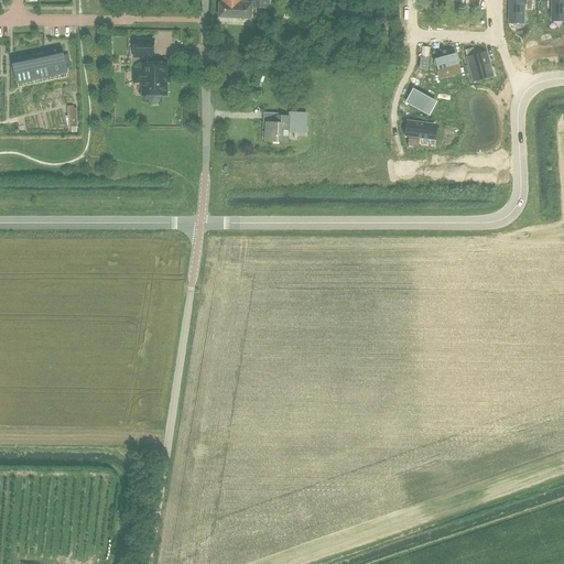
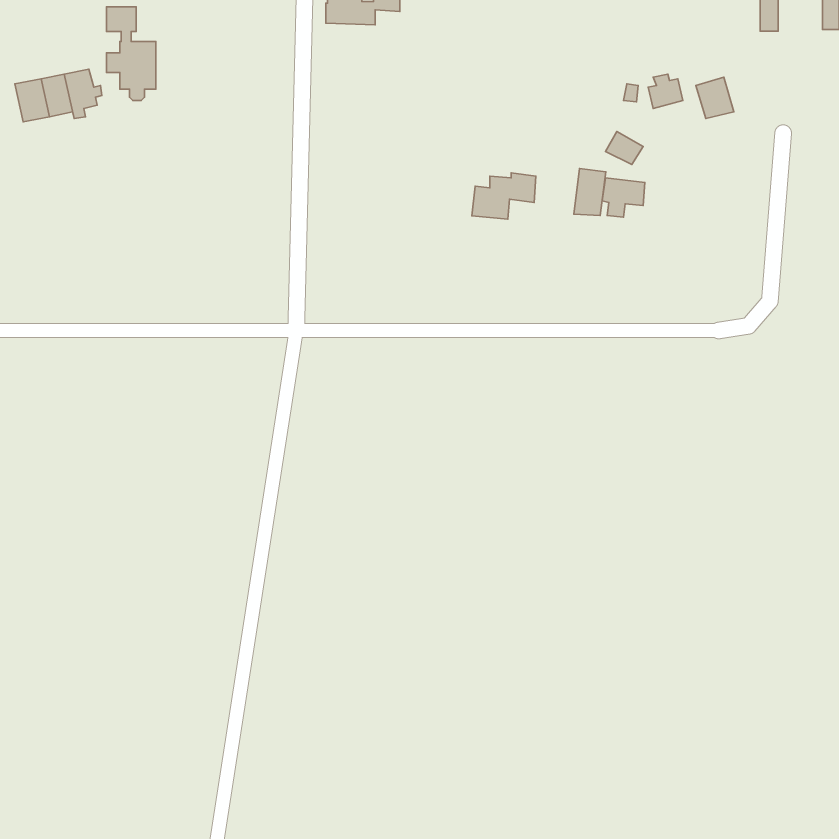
building: [132,39,165,101] -> [107,7,156,101]
building: [262,111,305,142] -> [472,173,536,219]
building: none -> [574,169,606,215]

